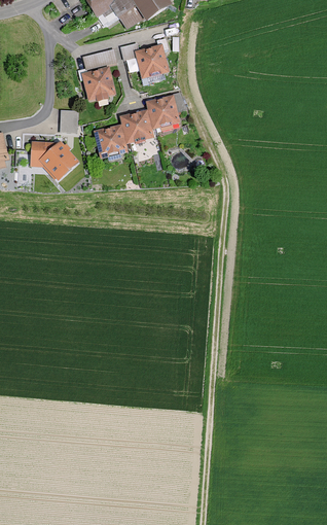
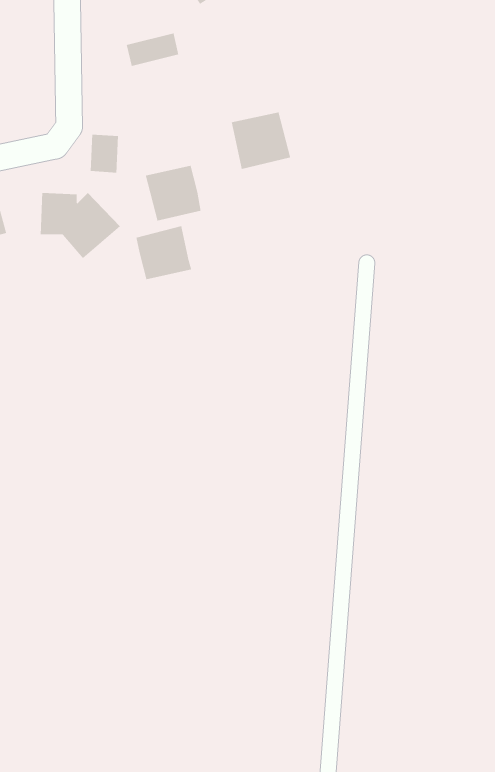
building: [135,41,169,75] -> none
building: [80,64,114,98] -> none
building: [119,109,153,142] -> [136,225,192,280]

